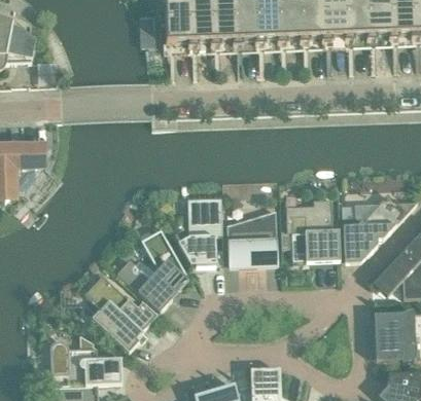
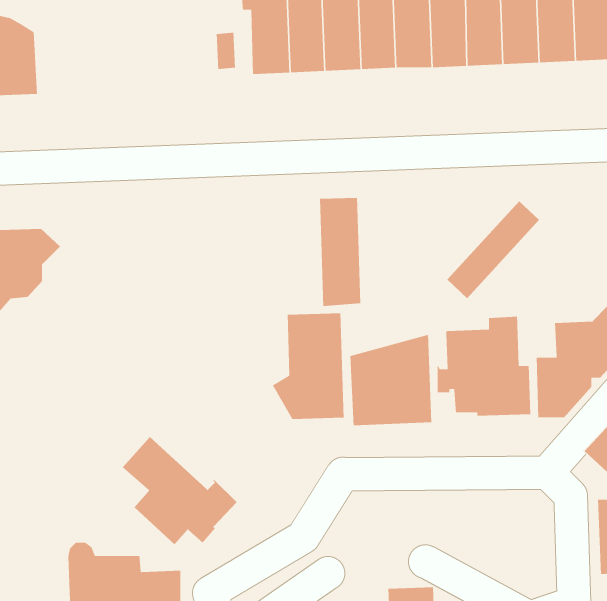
building: none -> [319,197,361,307]
building: none -> [447,201,540,299]
building: [117,229,188,313] -> none

